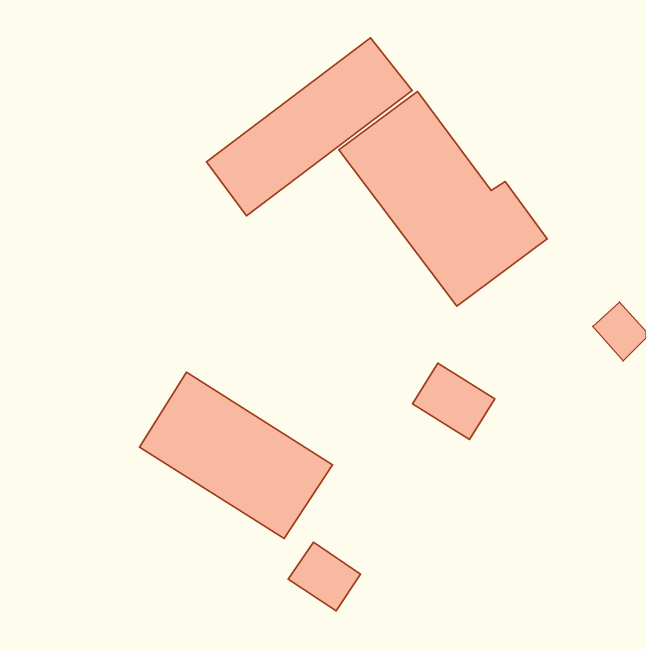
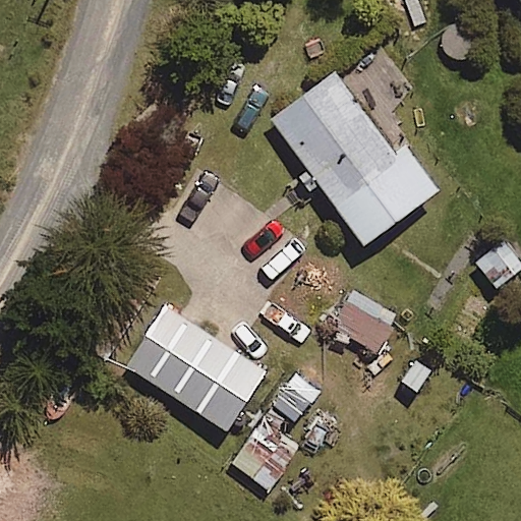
building: [206,38,412,216] -> none

